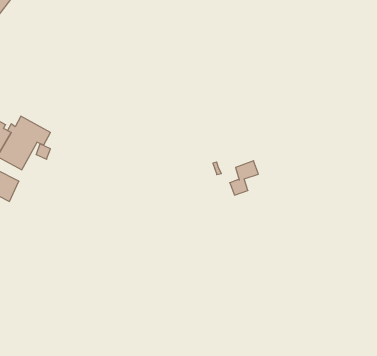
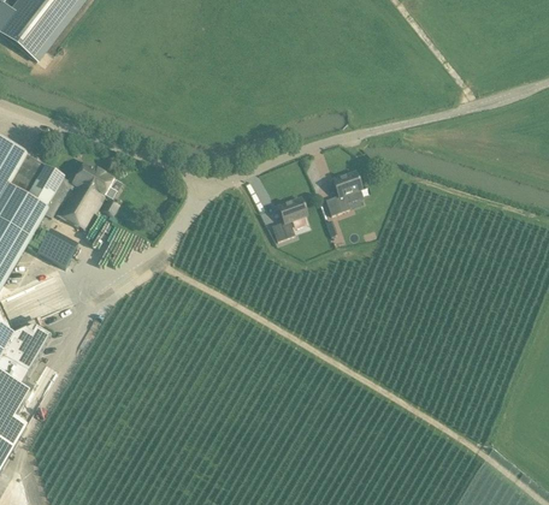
building: none -> [270,196,306,239]
building: [230,161,258,195] -> [324,170,360,213]

